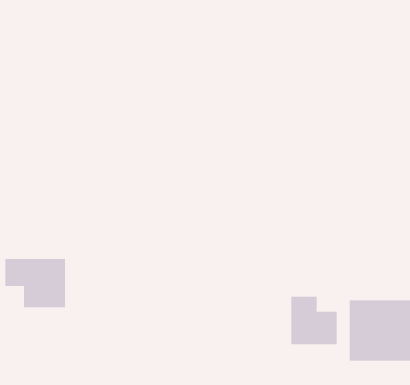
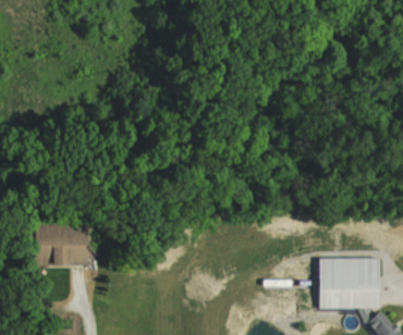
building: [291,296,337,345] -> none

